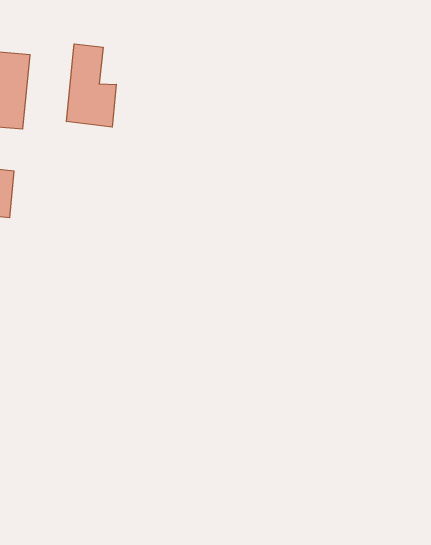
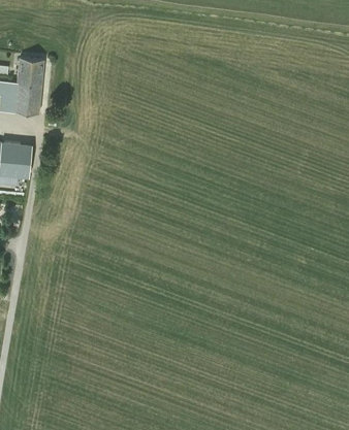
building: [67,44,116,127] -> none

